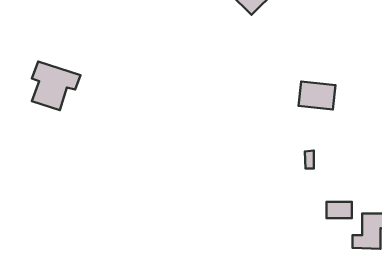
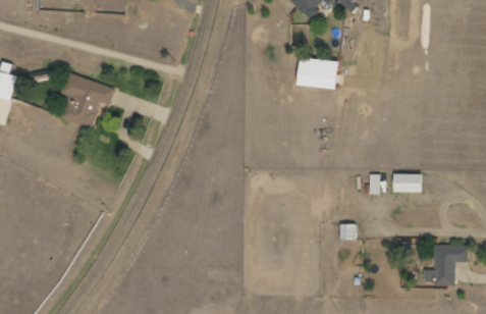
building: [299,82,335,110] -> [298,57,339,89]
building: [327,202,352,218] -> [393,173,422,192]

